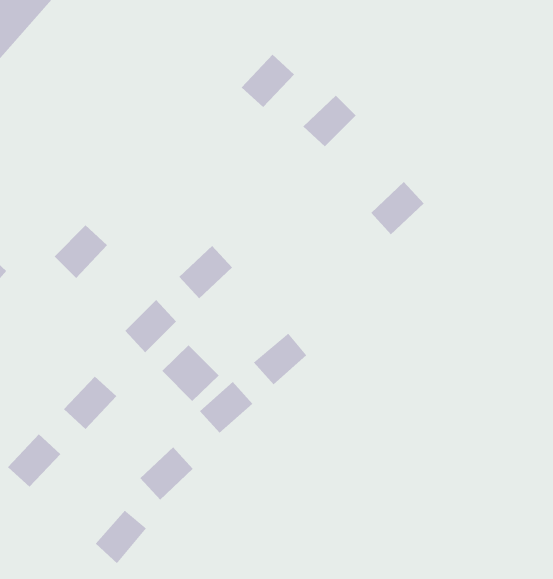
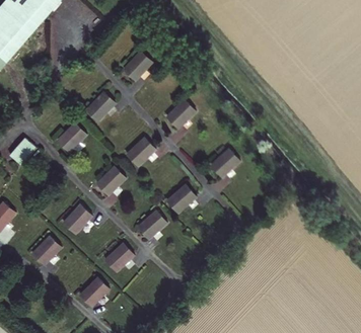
building: [241,54,295,108] -> [123,50,152,79]
building: [302,95,356,147] -> [165,98,195,127]
building: none -> [85,91,114,120]
building: [370,181,424,235] -> [210,147,239,176]
building: [161,345,219,402] -> none

